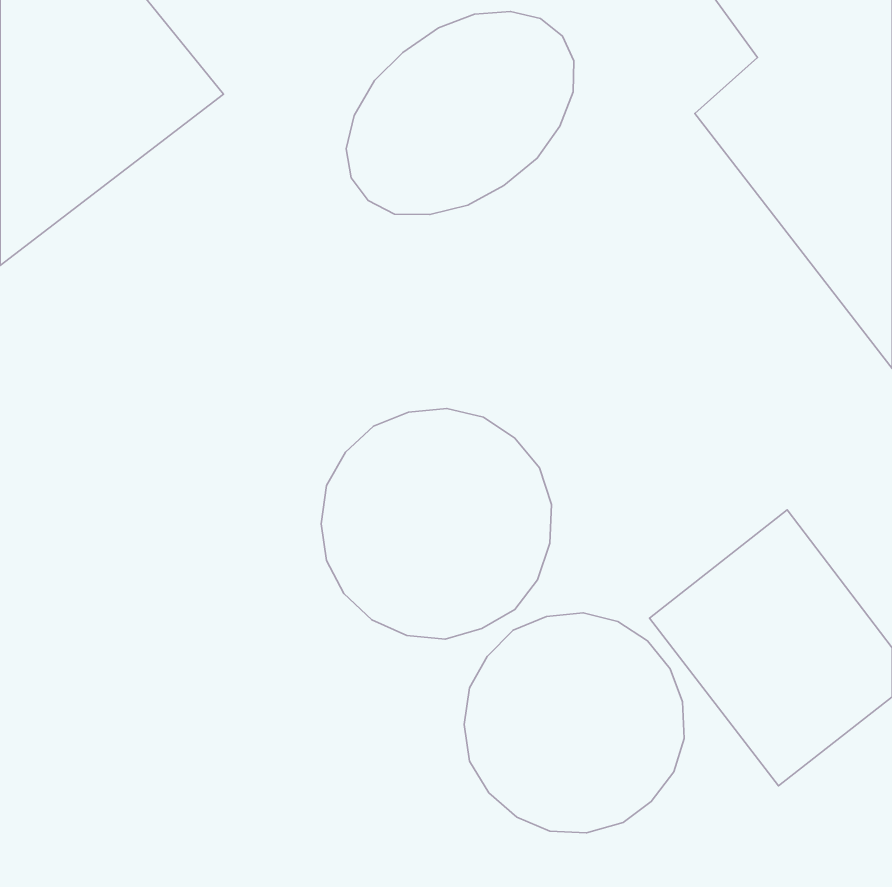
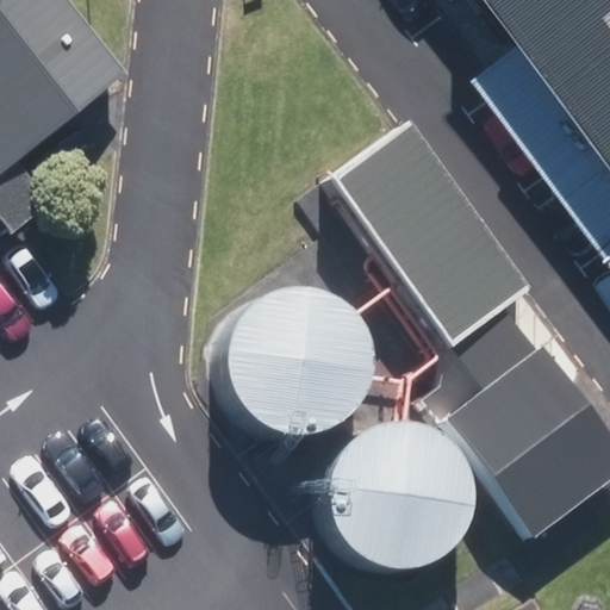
building: [346,11,574,215] -> none
building: none -> [332,129,525,343]

